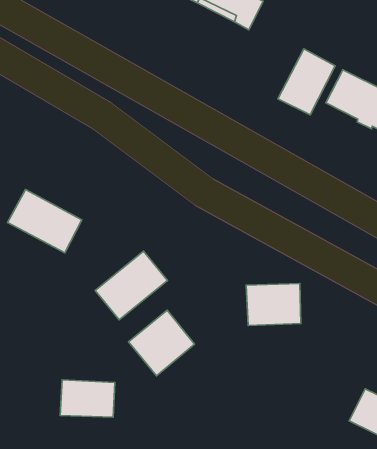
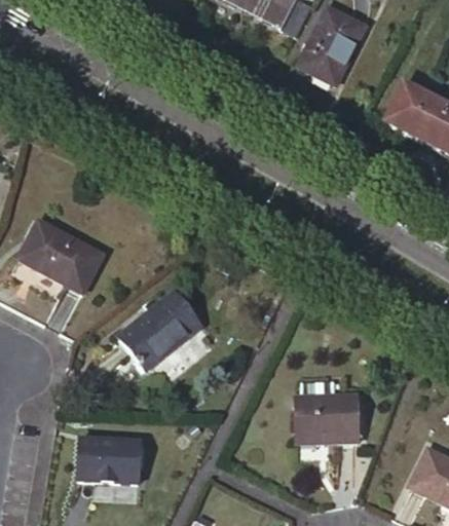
building: [278,49,335,115] -> [299,5,365,81]
building: [246,283,301,325] -> [296,393,359,442]
building: [129,310,195,376] -> none

